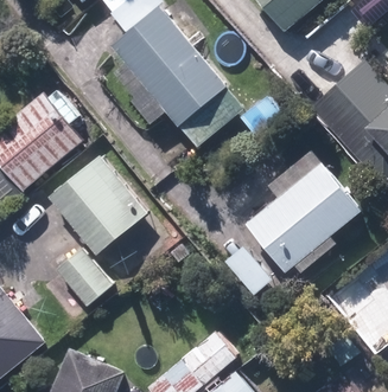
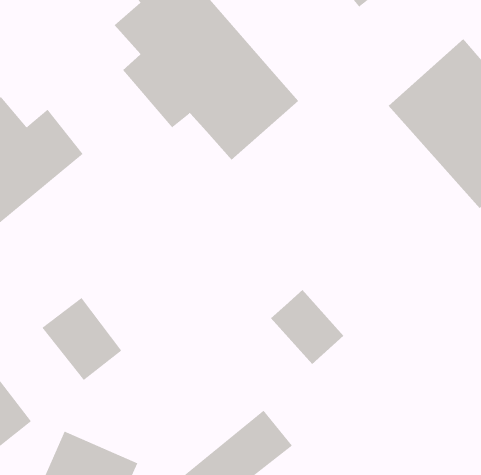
building: [246,147,362,271] -> none
building: [47,155,148,256] -> none

